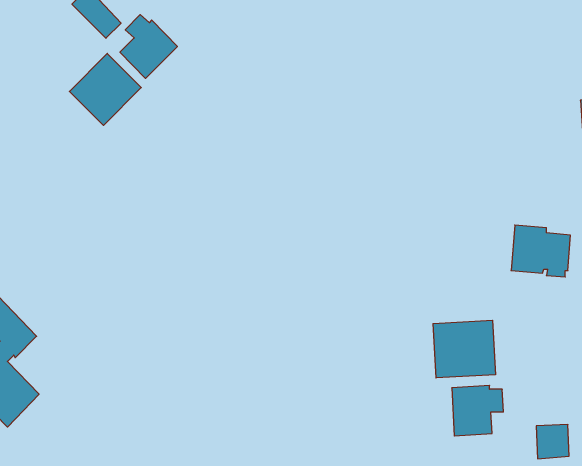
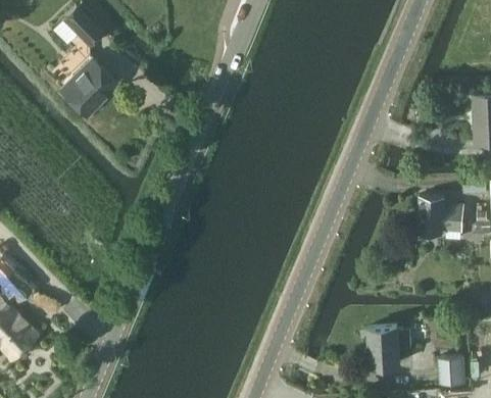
building: [120,15,177,78] -> none
building: [433,320,495,378] -> none

